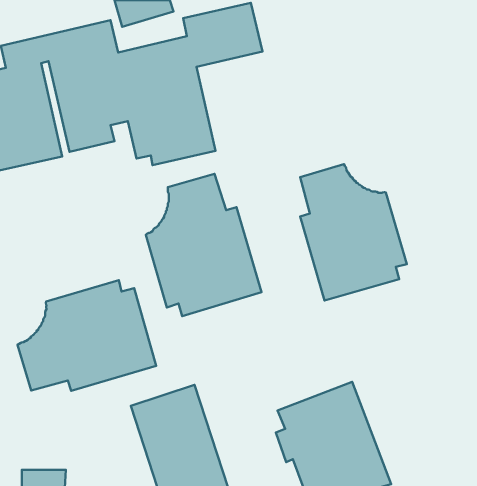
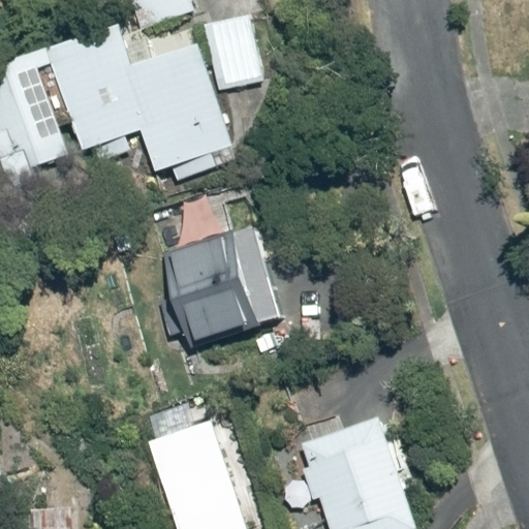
building: [300,164,407,300] -> none
building: [17,280,156,391] -> none

